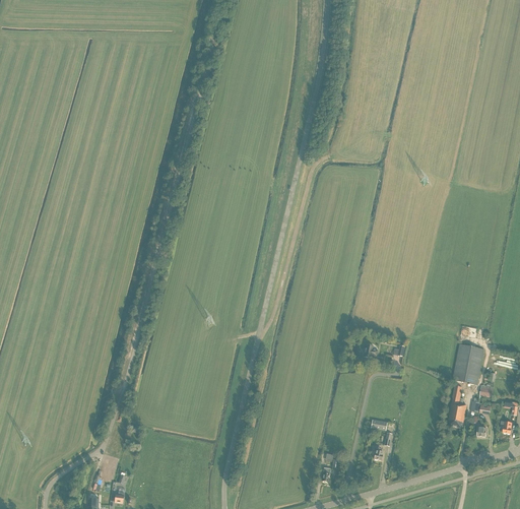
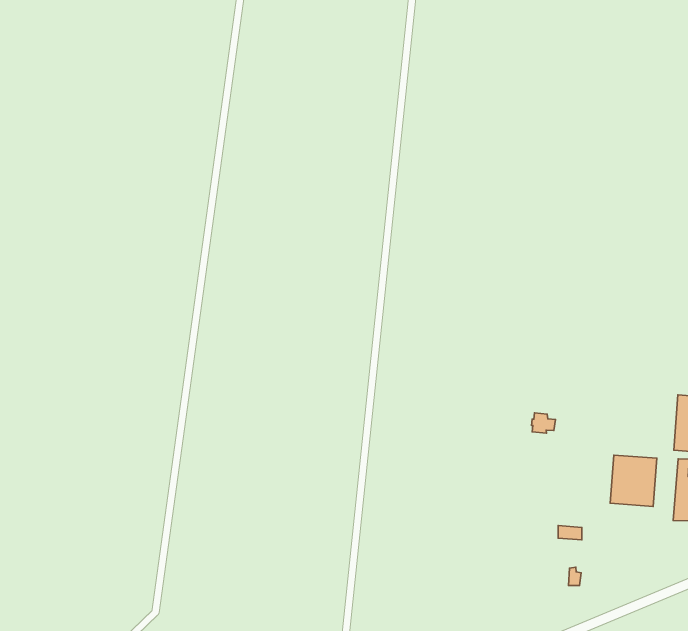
building: none -> [610,455,657,506]

